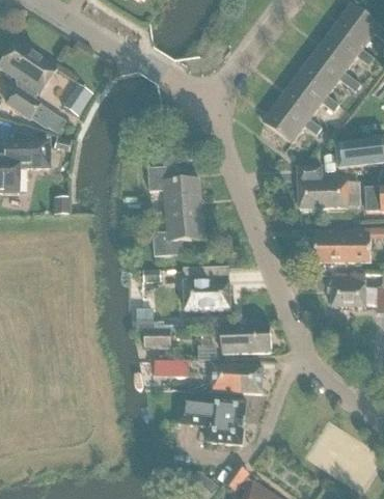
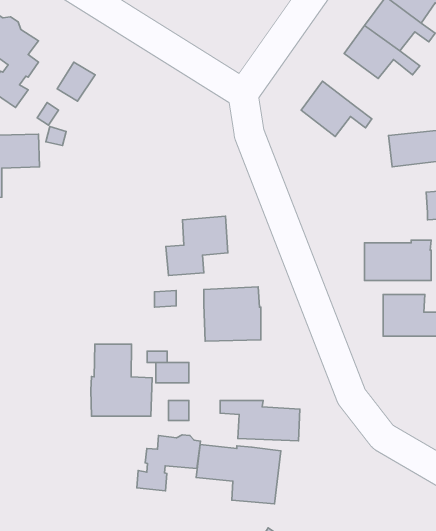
building: [281,75,339,119] -> none
building: [147,166,201,212] -> none
building: [297,166,367,209] -> none
building: none -> [91,344,152,416]
building: [221,326,271,354] -> none
building: none -> [137,435,200,491]

